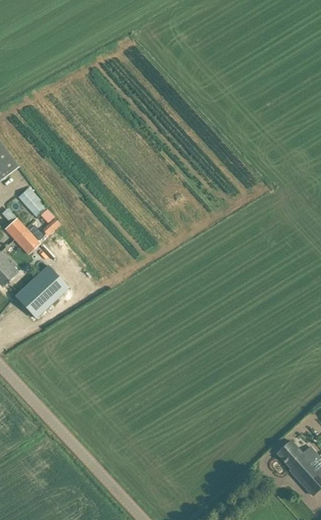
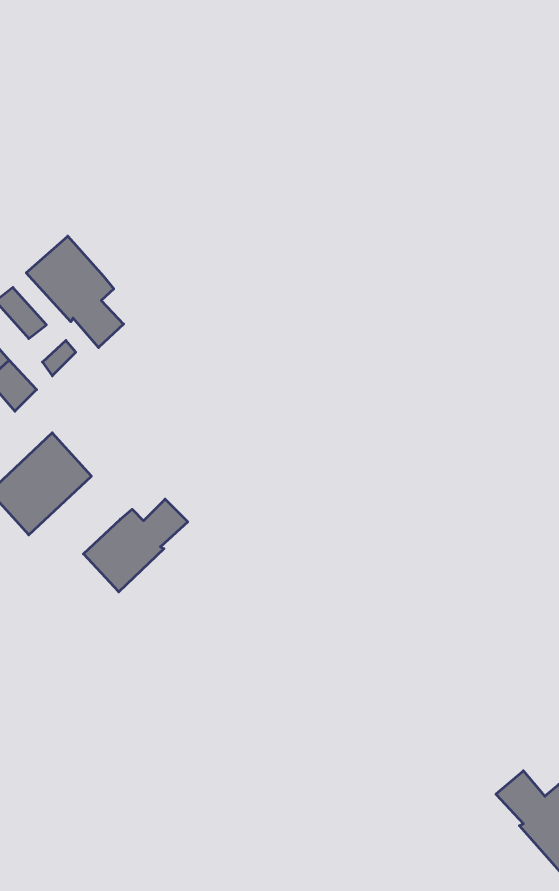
building: none -> [26,236,124,348]
building: none -> [83,499,188,592]

